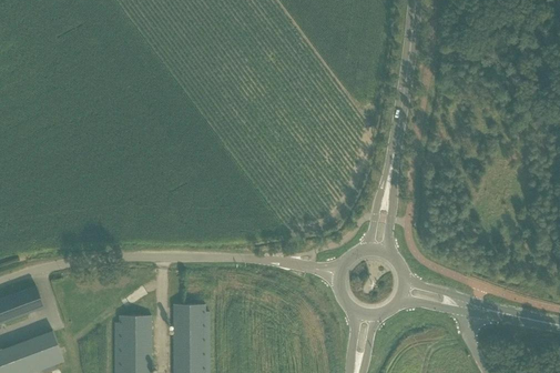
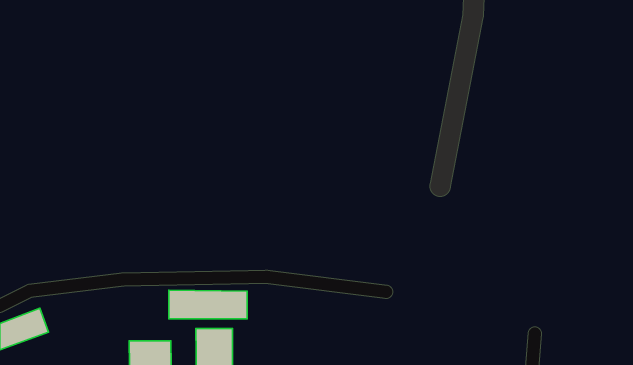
building: none -> [169,290,247,319]

